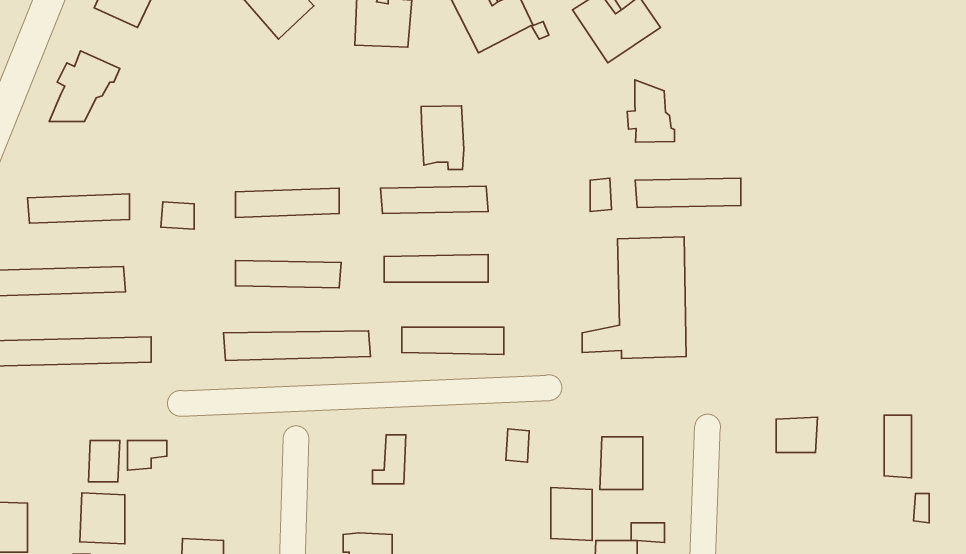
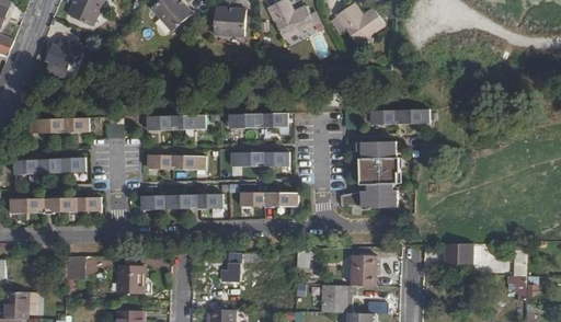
building: [627,80,674,142] -> none
building: [421,106,464,170] -> none
building: [80,493,125,544] -> [116,264,141,292]

